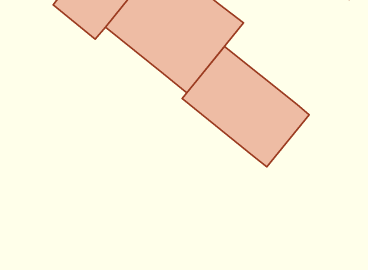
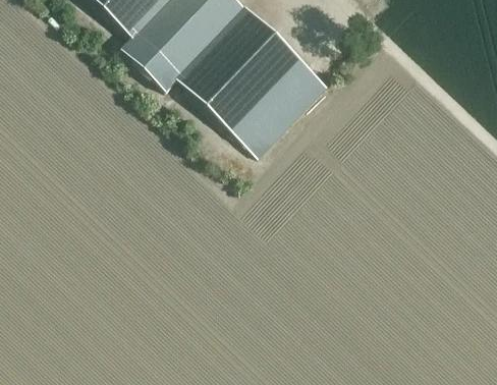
building: [182,46,309,167] -> none

